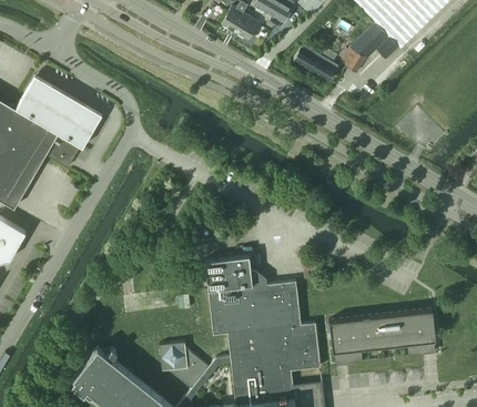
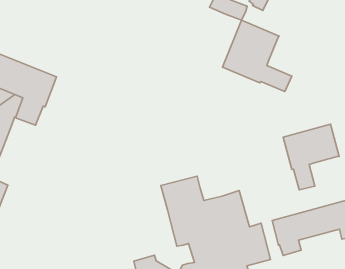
building: none -> [222,20,292,91]
building: none -> [283,124,339,190]

